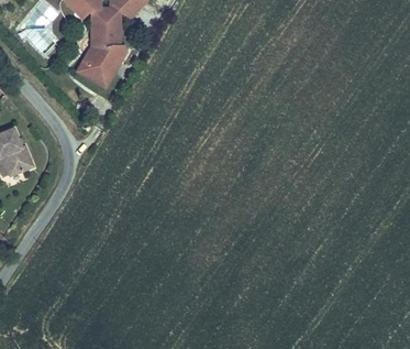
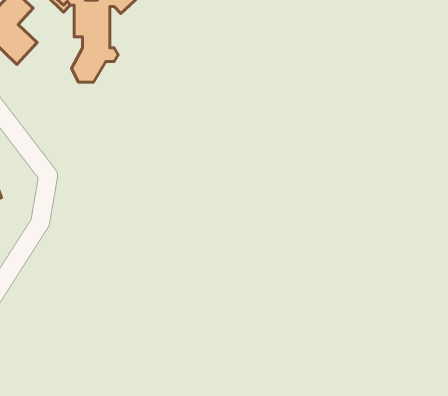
building: [77,37,123,88] -> none

